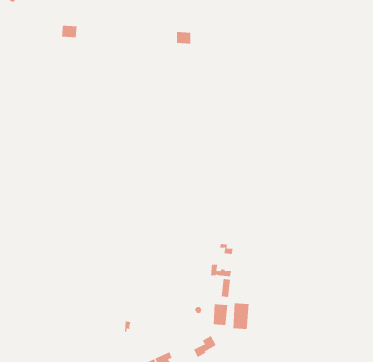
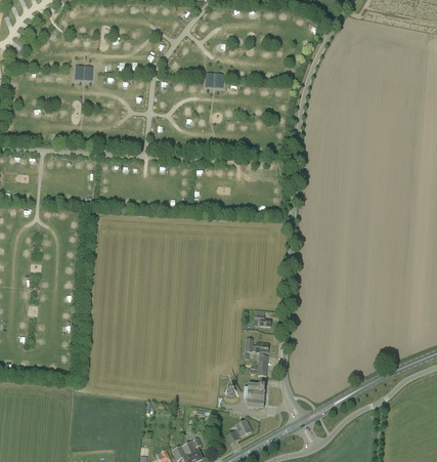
building: [233,303,249,330] -> none

